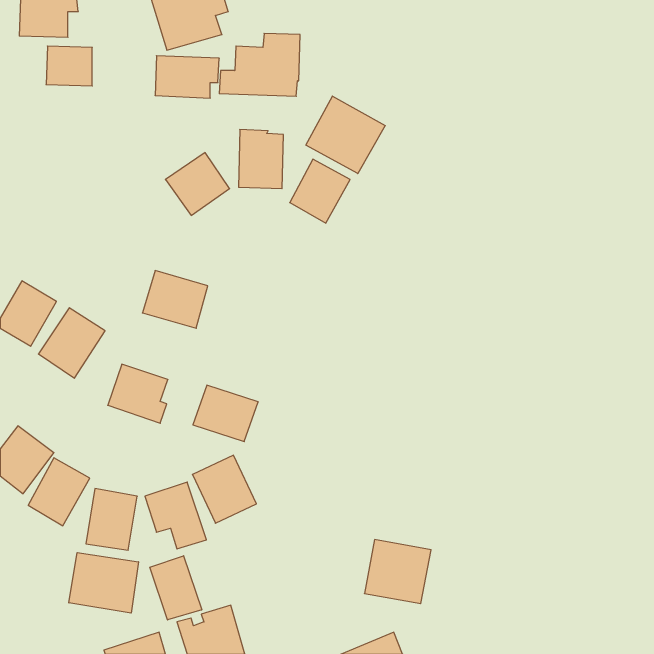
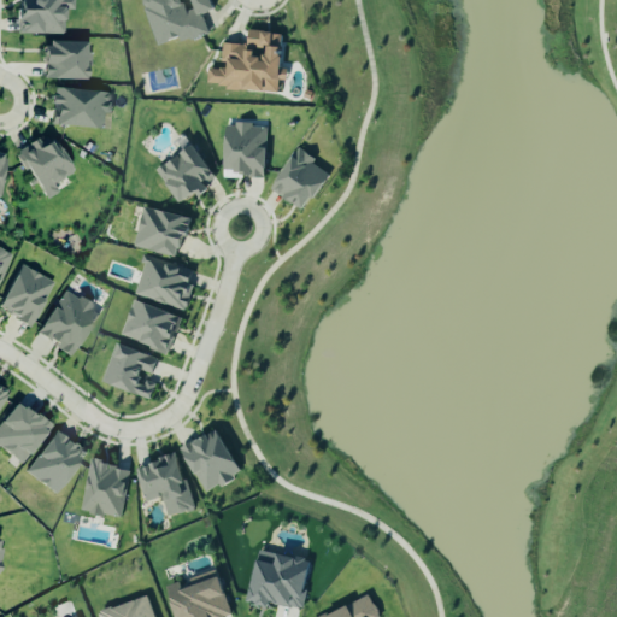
building: [155,56,219,98] -> [52,89,112,129]
building: [306,96,385,174] -> none
building: none -> [19,135,72,200]
building: none -> [136,206,190,255]
building: [193,385,258,442] -> [121,299,182,352]
building: [364,540,431,604] -> [249,550,312,610]
building: [69,553,138,613] -> none
building: [150,556,202,620] -> none

